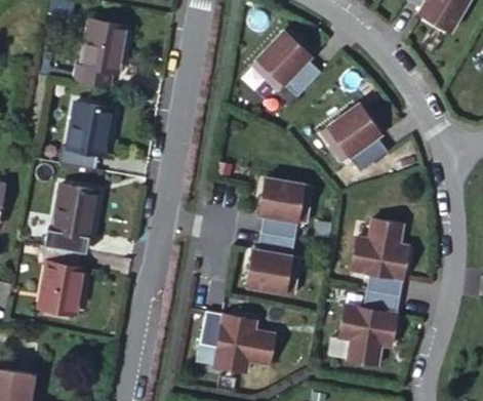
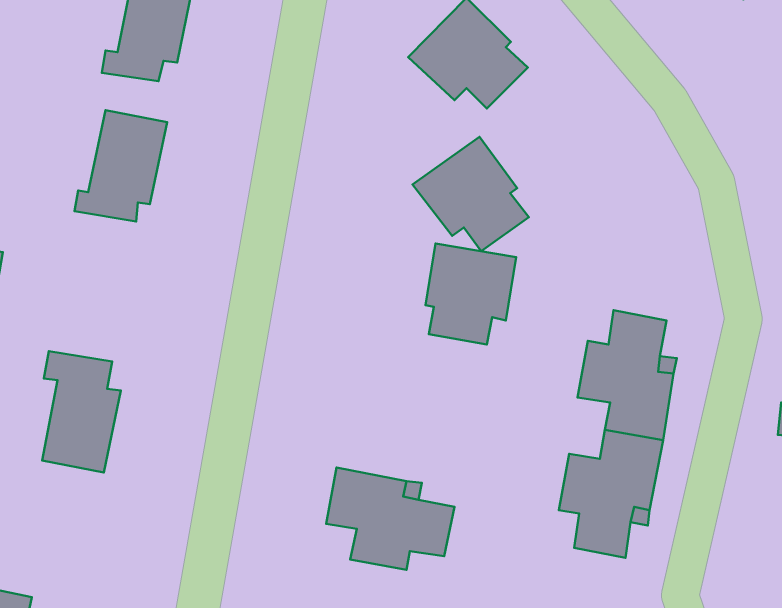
building: [321,103,391,171] -> [413,137,529,251]
building: [36,179,93,248] -> none
building: [249,232,304,295] -> none

